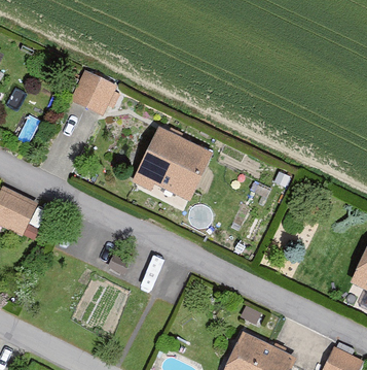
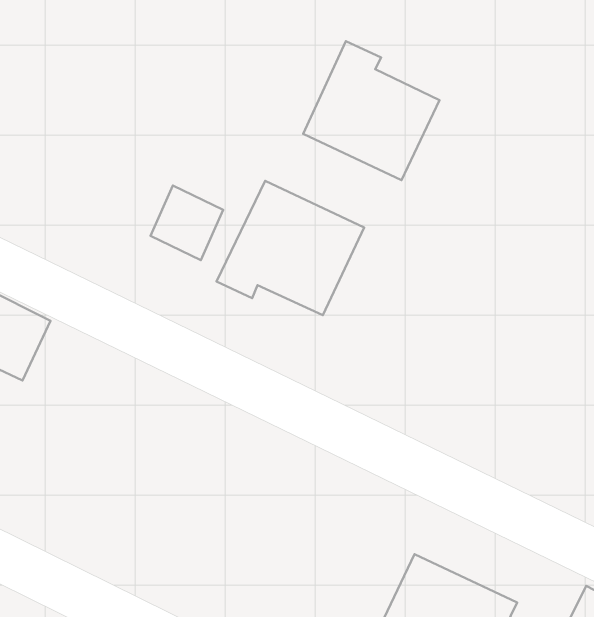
building: none -> [303,41,439,180]
building: [73,74,113,115] -> [150,185,223,260]

